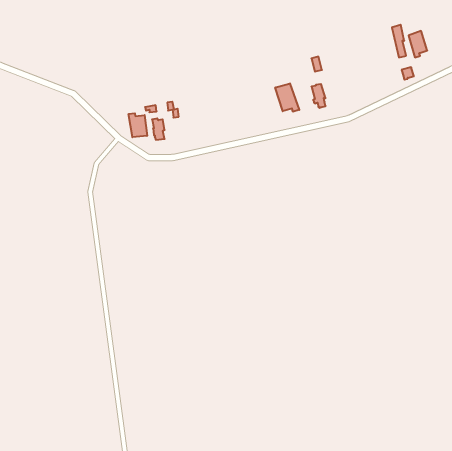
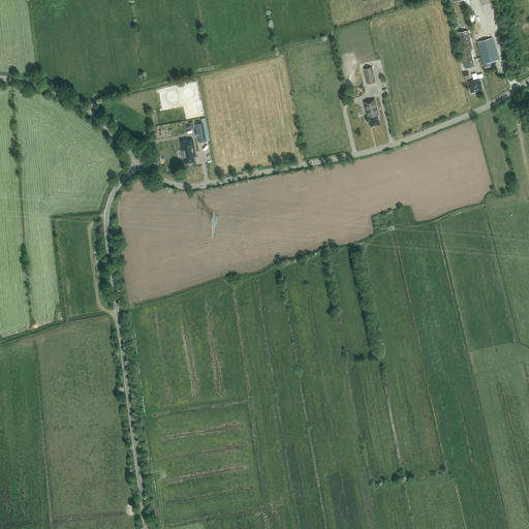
building: [275,83,299,112] -> none
building: [129,113,147,137] -> none

